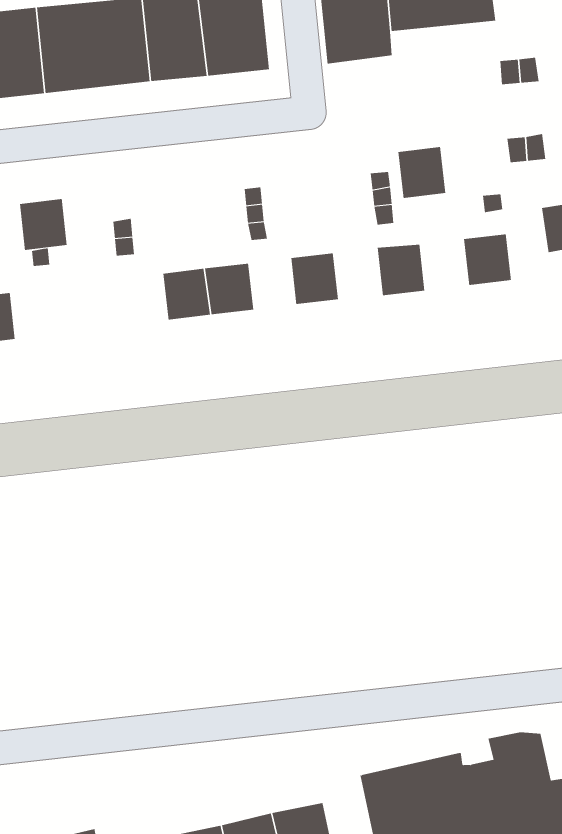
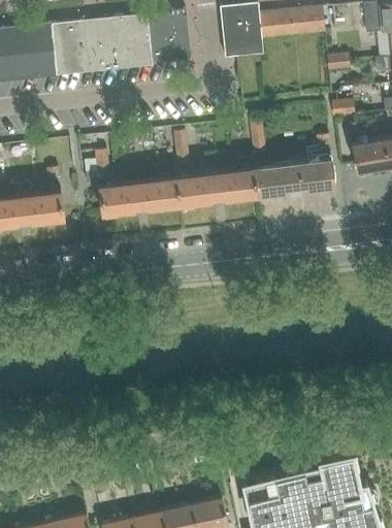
building: [398,147,446,198] -> [280,162,308,193]
building: [19,199,68,250] -> [35,191,64,222]
building: none -> [228,167,257,198]
building: none -> [177,173,205,204]
building: none -> [100,183,129,213]

